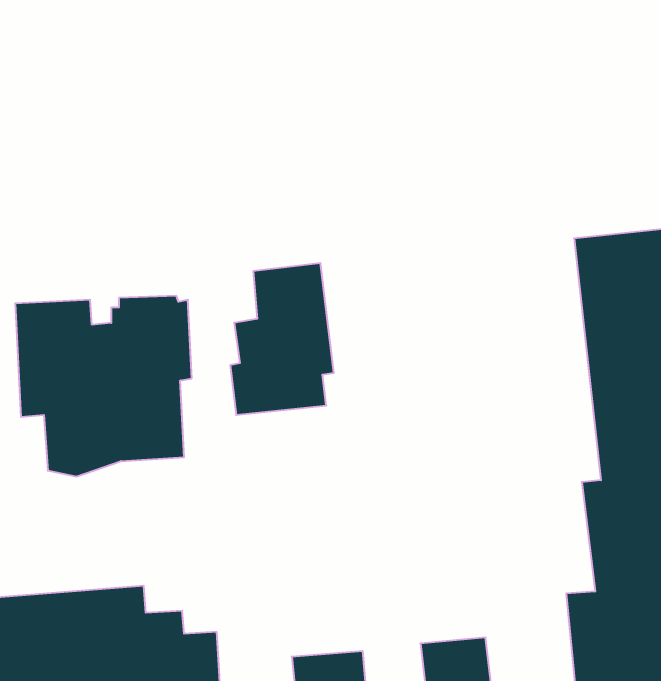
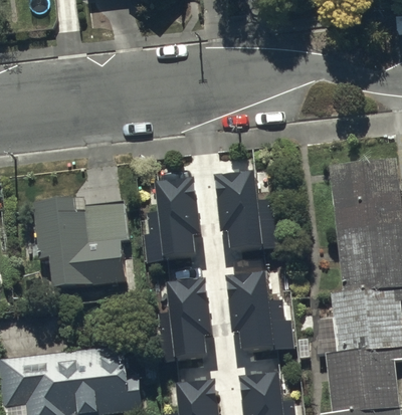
building: none -> [223,175,282,249]
building: none -> [234,275,293,351]
building: none -> [159,281,213,361]

